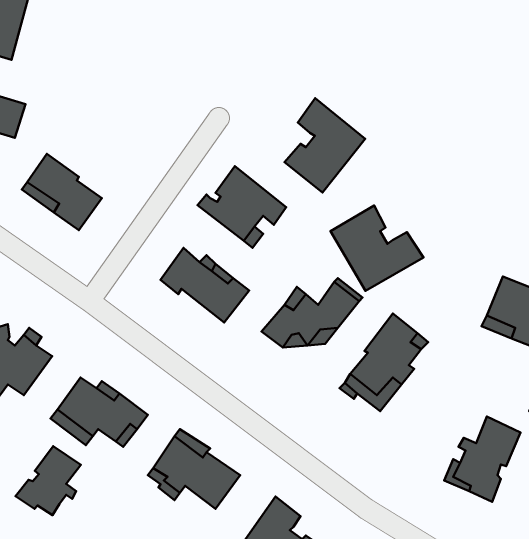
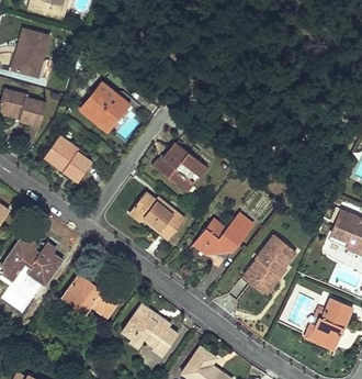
building: none -> [80,82,127,131]
building: [285,98,365,192] -> none
building: [331,206,424,291] -> none
building: [16,446,81,515] -> none

